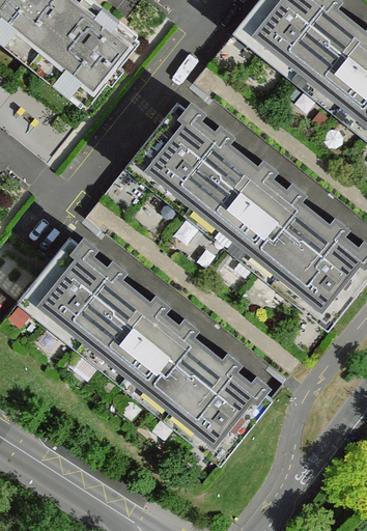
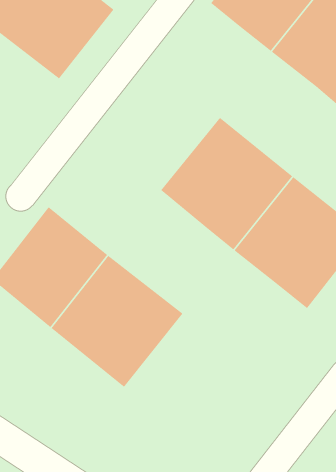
building: [128,94,244,213] -> none
building: [150,333,280,463] -> none

